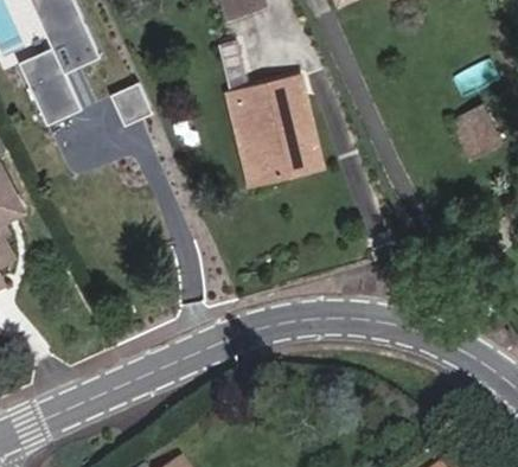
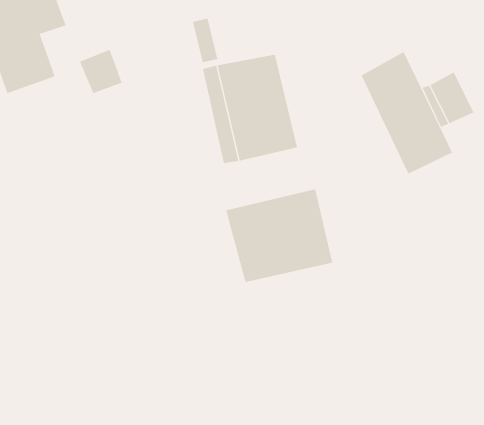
building: none -> [361,51,453,174]
building: none -> [226,189,333,283]

